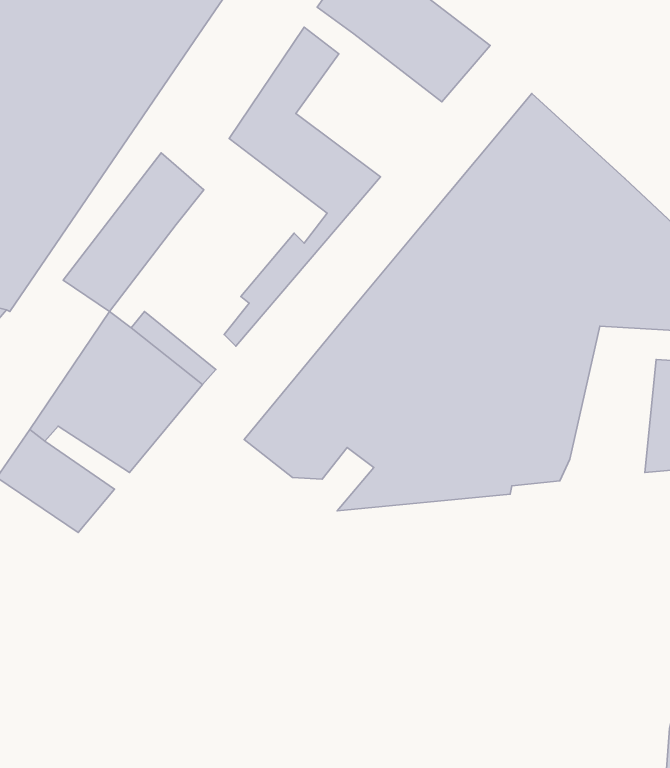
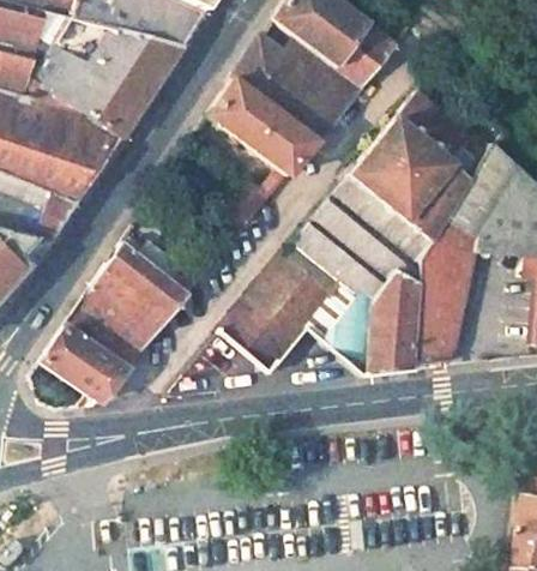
building: none -> [255,37,361,140]
building: [63,153,204,311] -> none

